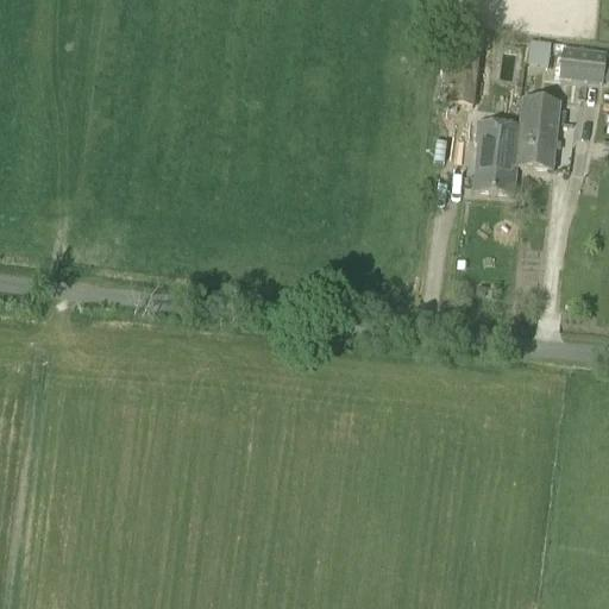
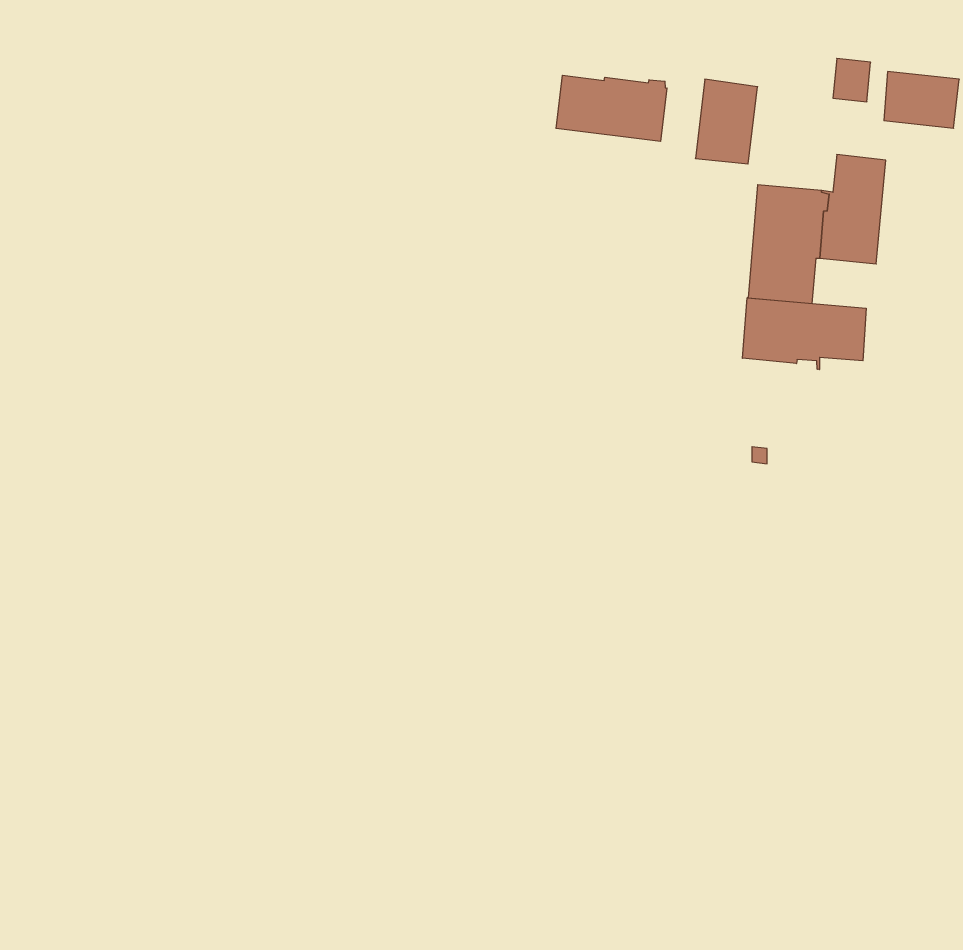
building: none -> [556,75,667,141]
building: none -> [742,298,866,370]

